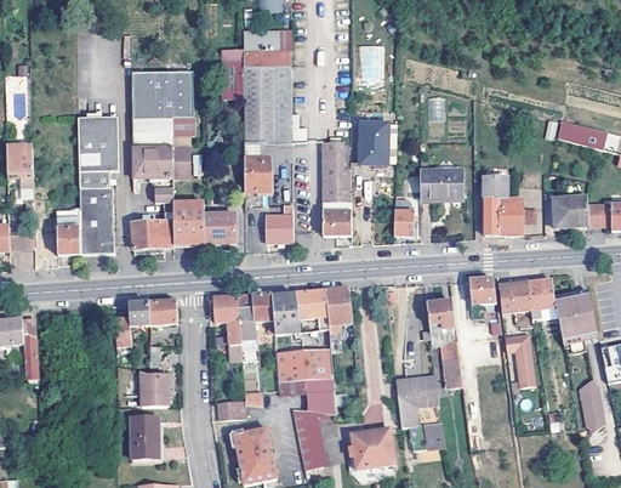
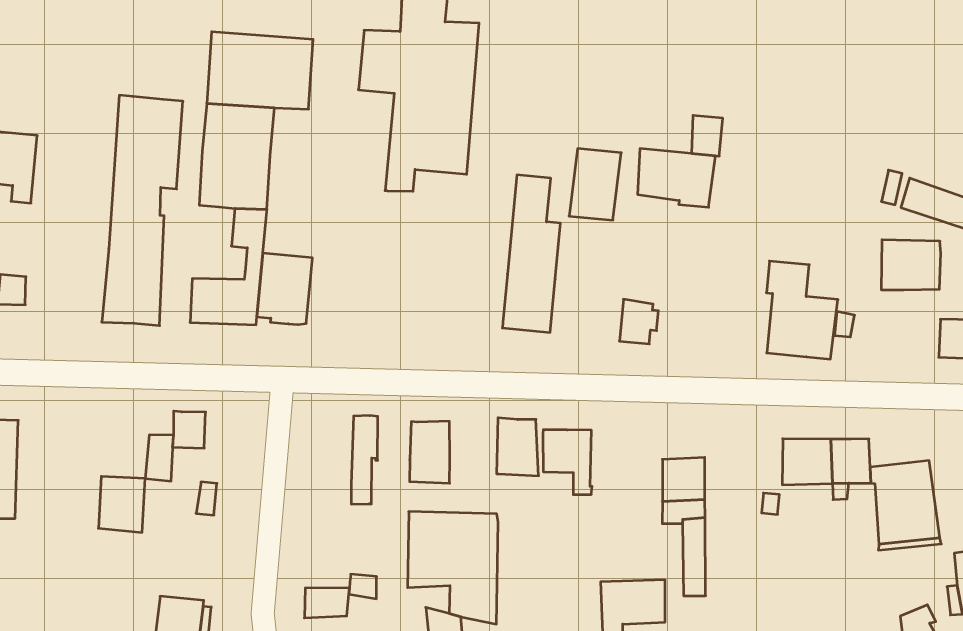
building: [172,113,194,177] -> none
building: [245,157,270,191] -> none
building: [418,169,465,200] -> [638,149,715,207]
building: [551,197,588,229] -> [881,240,941,290]
building: [266,204,294,243] -> none
building: [52,209,80,255] -> none
building: [204,214,237,243] -> none
building: [469,279,495,318] -> none
building: [296,289,329,329] -> [543,430,592,495]
building: [252,294,274,334] -> none
building: [213,296,243,362] -> none
building: [148,301,177,324] -> none
building: [505,335,534,388] -> none
building: [141,374,169,407] -> [98,476,145,532]

